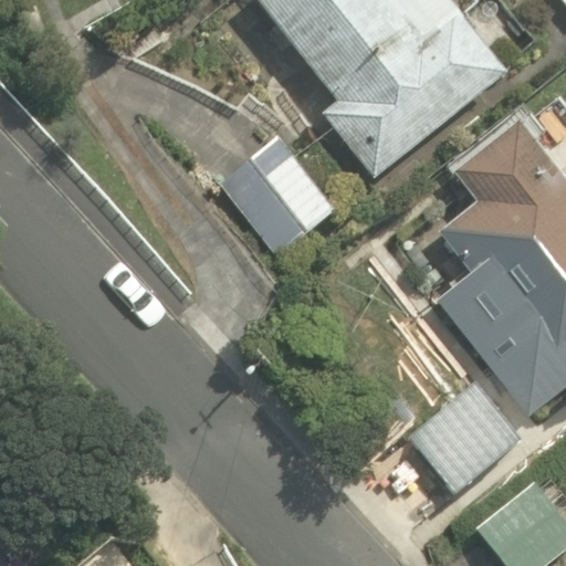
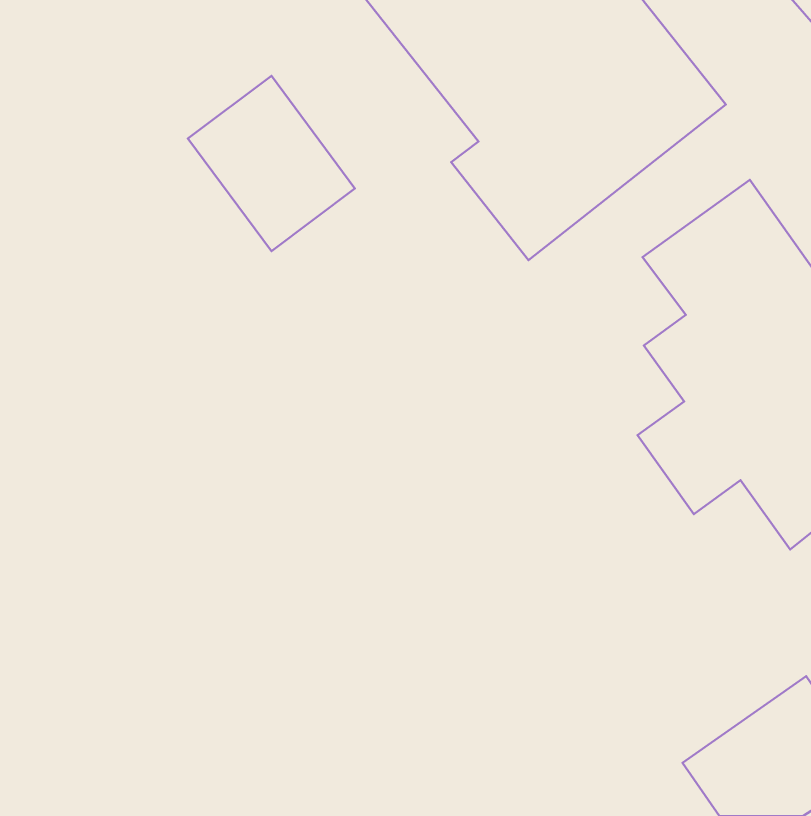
building: [223,127,338,248] -> [188,76,355,251]
building: [405,384,523,502] -> none

